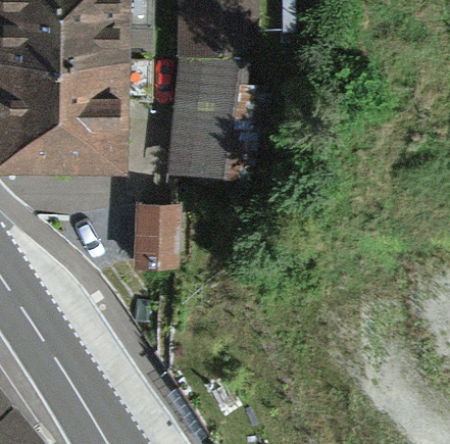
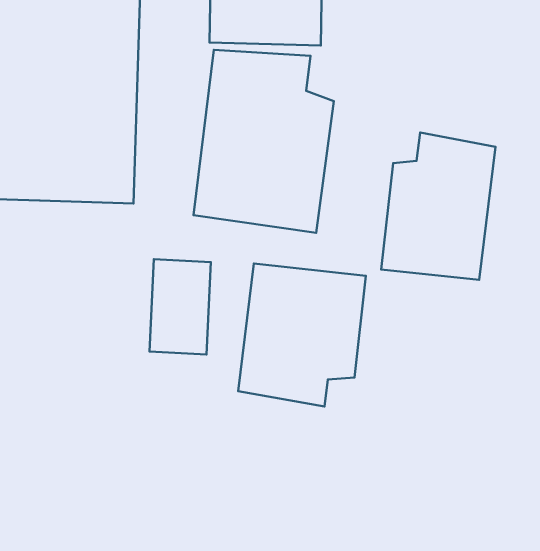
building: none -> [381,132,496,280]
building: none -> [238,264,366,407]

